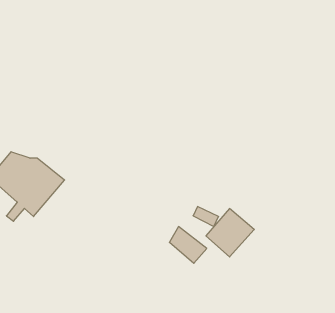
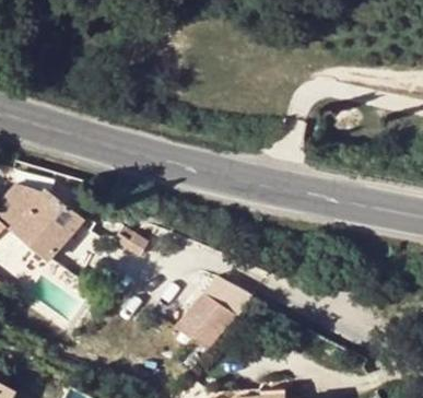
building: [206,209,254,257] -> [178,292,236,350]

